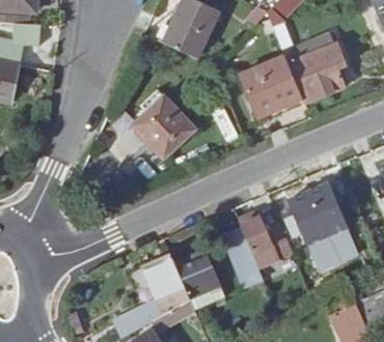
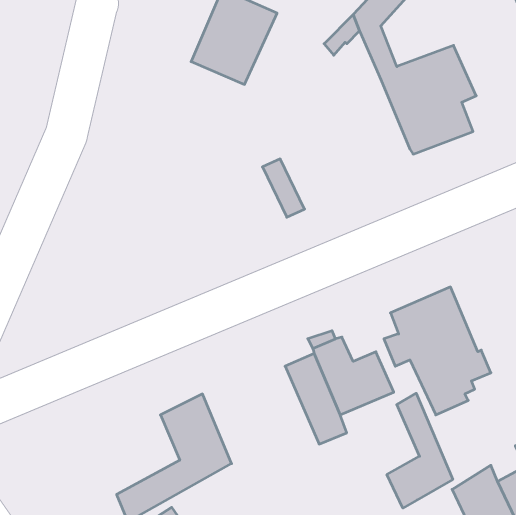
building: [241,54,303,117] -> none
building: [133,95,194,156] -> none
building: [175,254,221,301] -> none
building: none -> [387,393,453,508]

